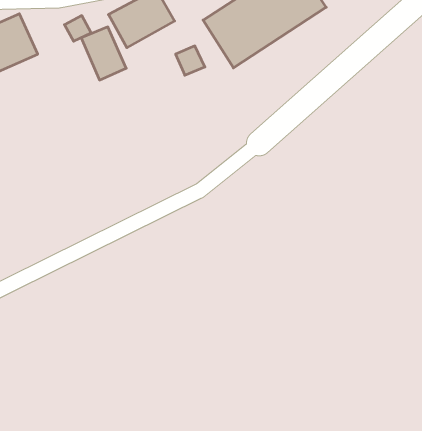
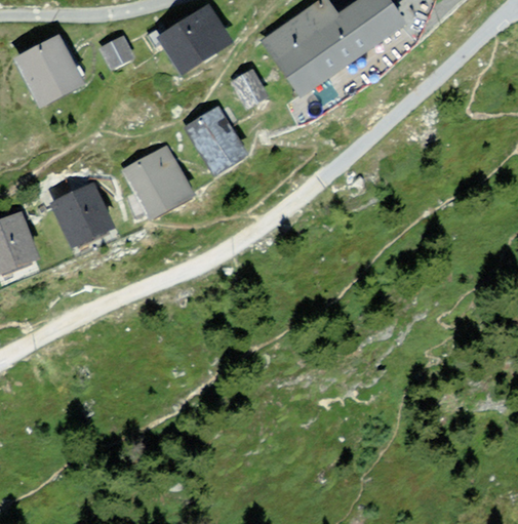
building: [81,27,126,80] -> [191,108,241,167]
building: none -> [125,151,189,210]
building: none -> [57,191,113,242]

